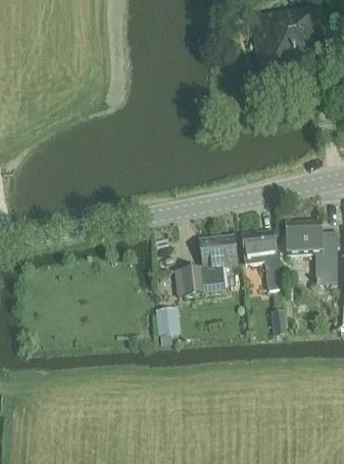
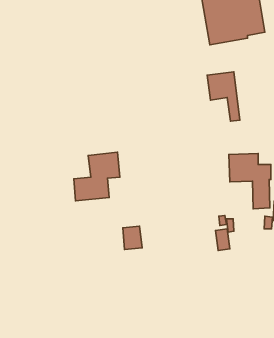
building: [241,230,281,290] -> [207,72,240,121]
building: [182,235,238,294] -> [74,152,120,201]

